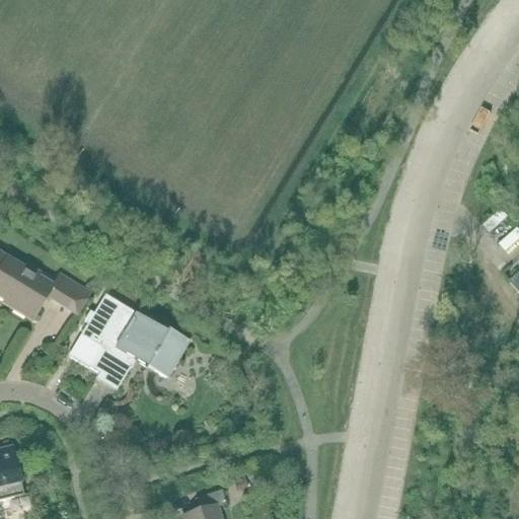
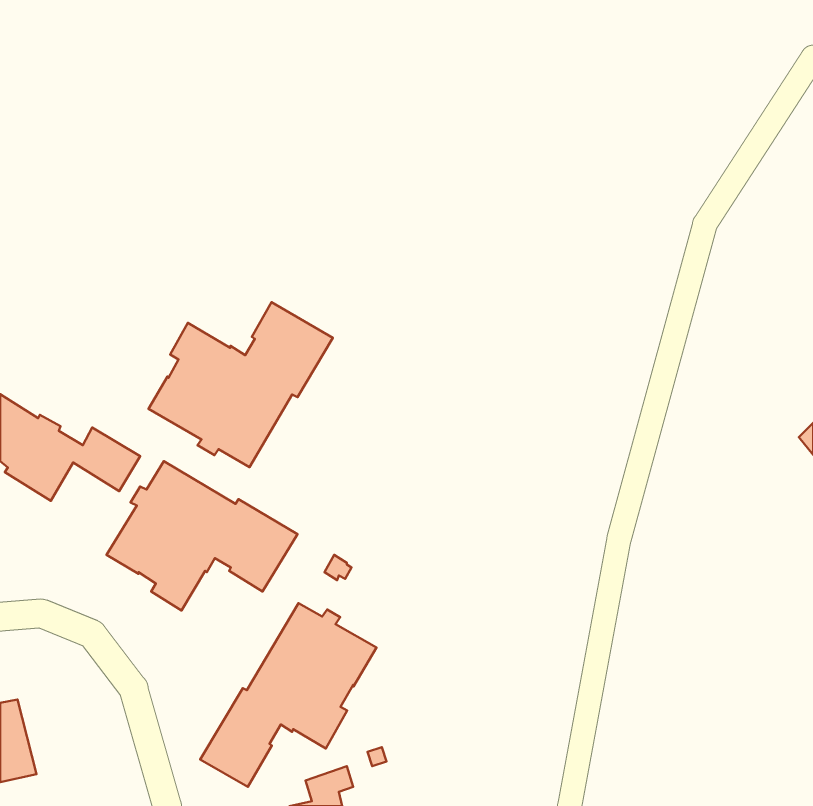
building: none -> [149,302,333,467]
building: none -> [200,603,376,787]

